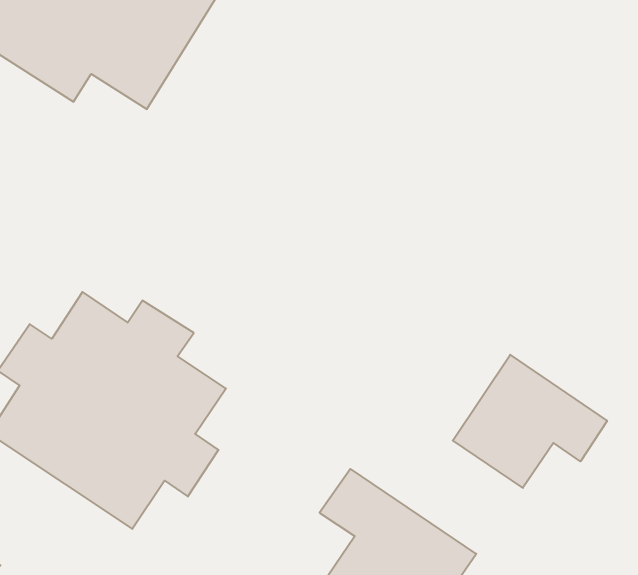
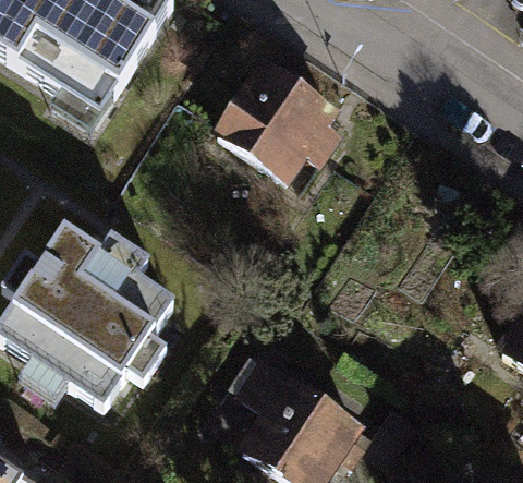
building: none -> [217,69,332,184]
building: [453,355,607,488] -> none

